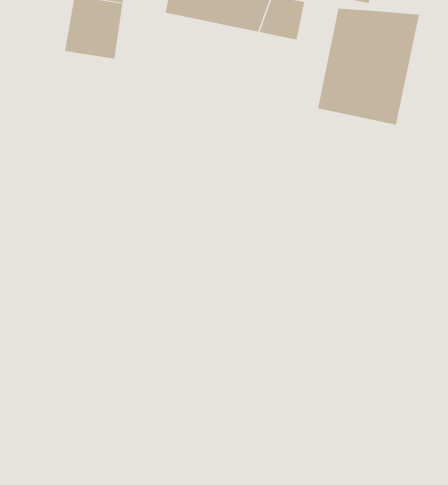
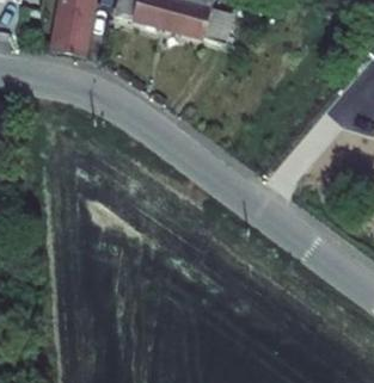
building: [317,8,419,125] -> none

